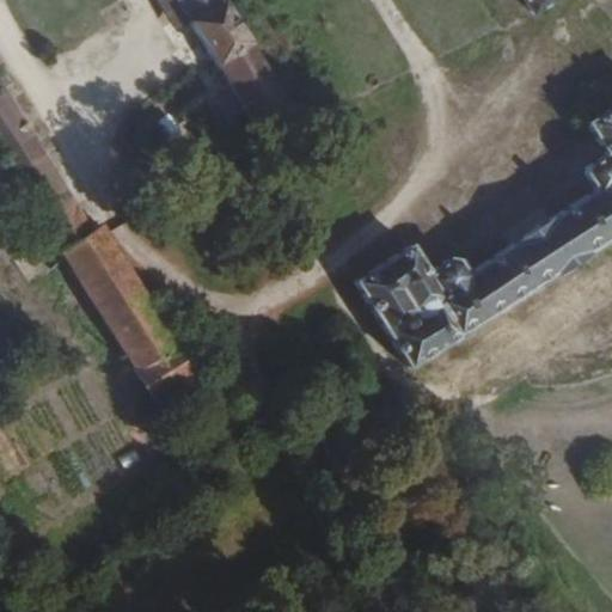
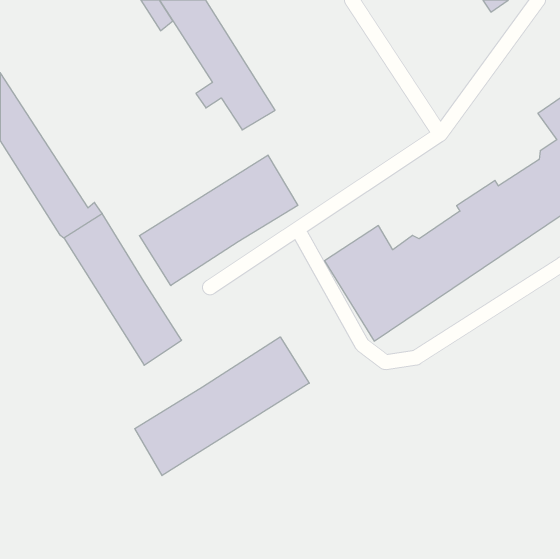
building: none -> [139,155,298,286]
building: none -> [135,337,309,476]

